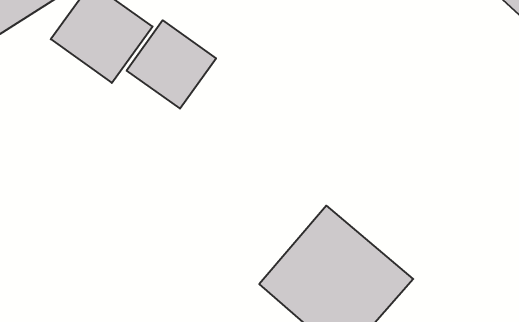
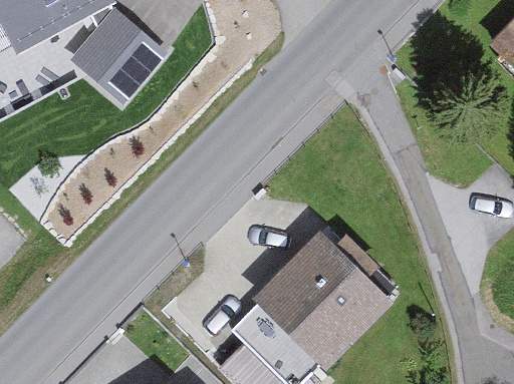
building: [127,20,216,109] -> none

